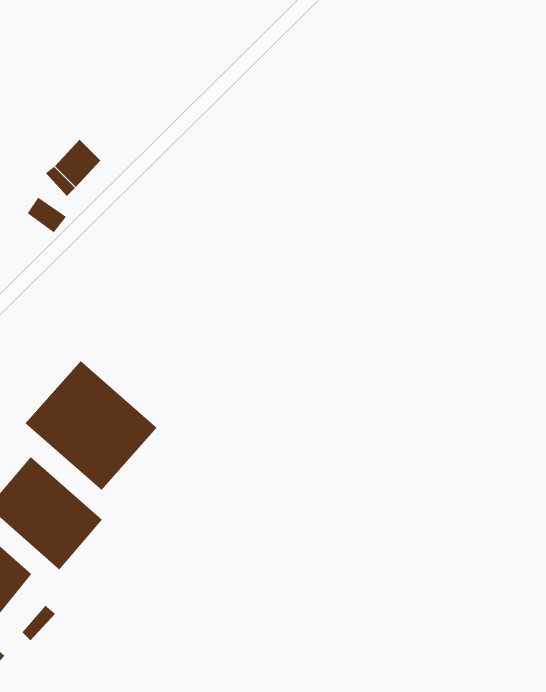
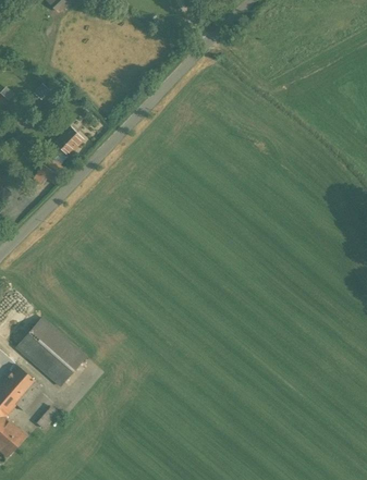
building: [24,360,158,491] -> none

